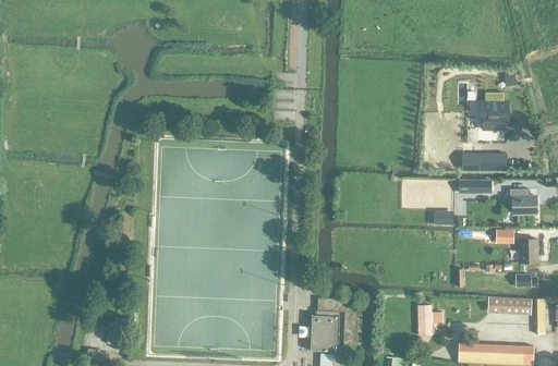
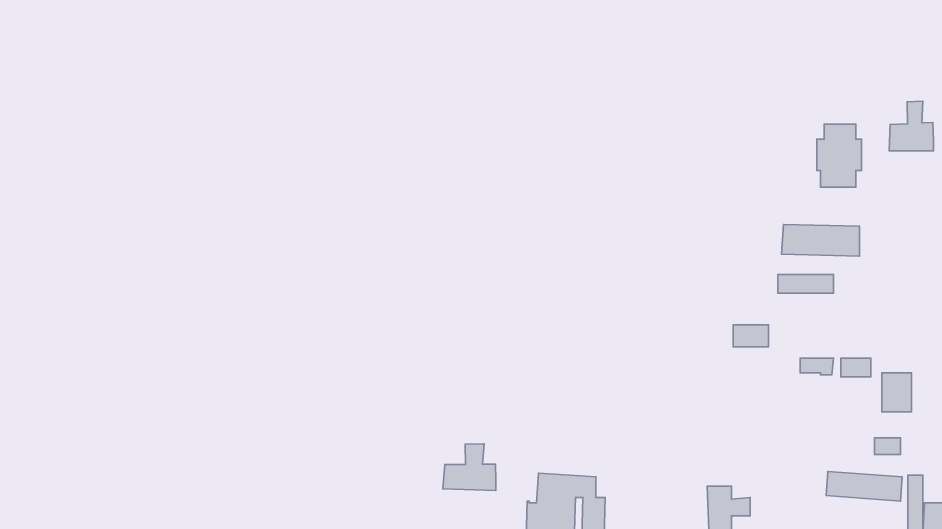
building: none -> [889,101,934,151]
building: [509,188,535,214] -> none
building: none -> [443,444,496,490]

